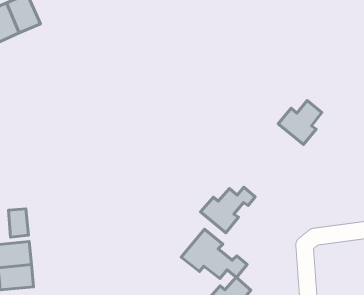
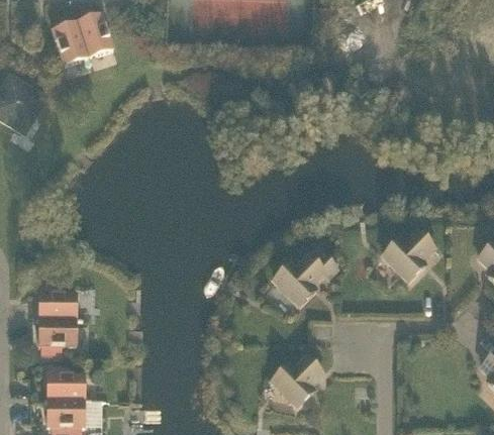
building: [278,100,322,145] -> [383,231,433,281]
building: [8,209,29,237] -> none
building: [181,229,247,278] -> none

